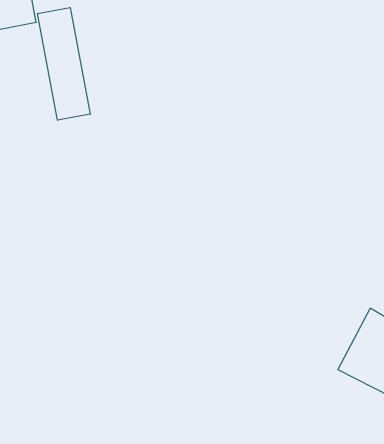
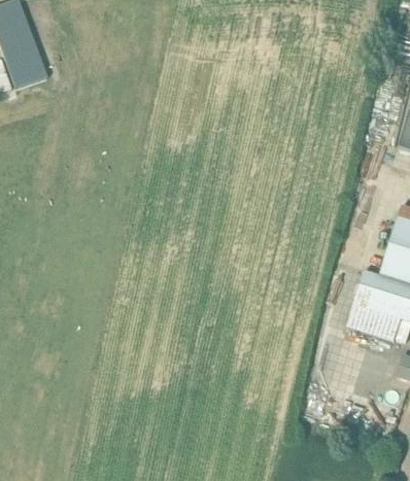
building: [37,8,90,120] -> none

